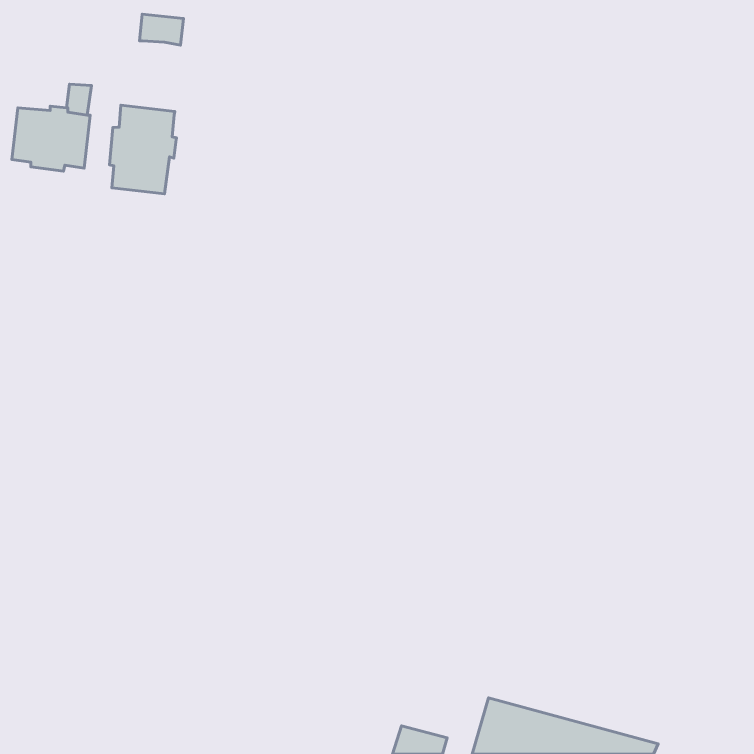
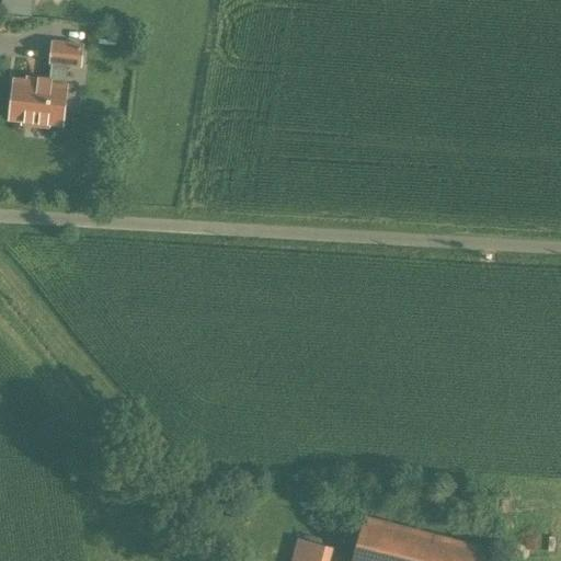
building: [139,14,184,45] -> [49,43,82,66]
building: [109,105,177,194] -> none

